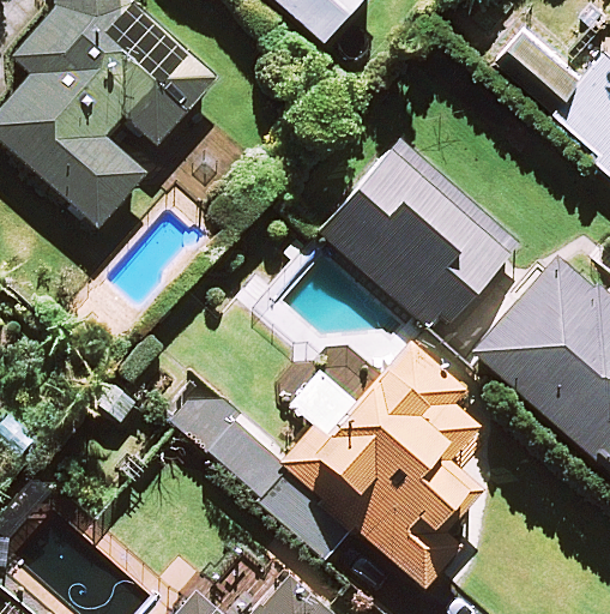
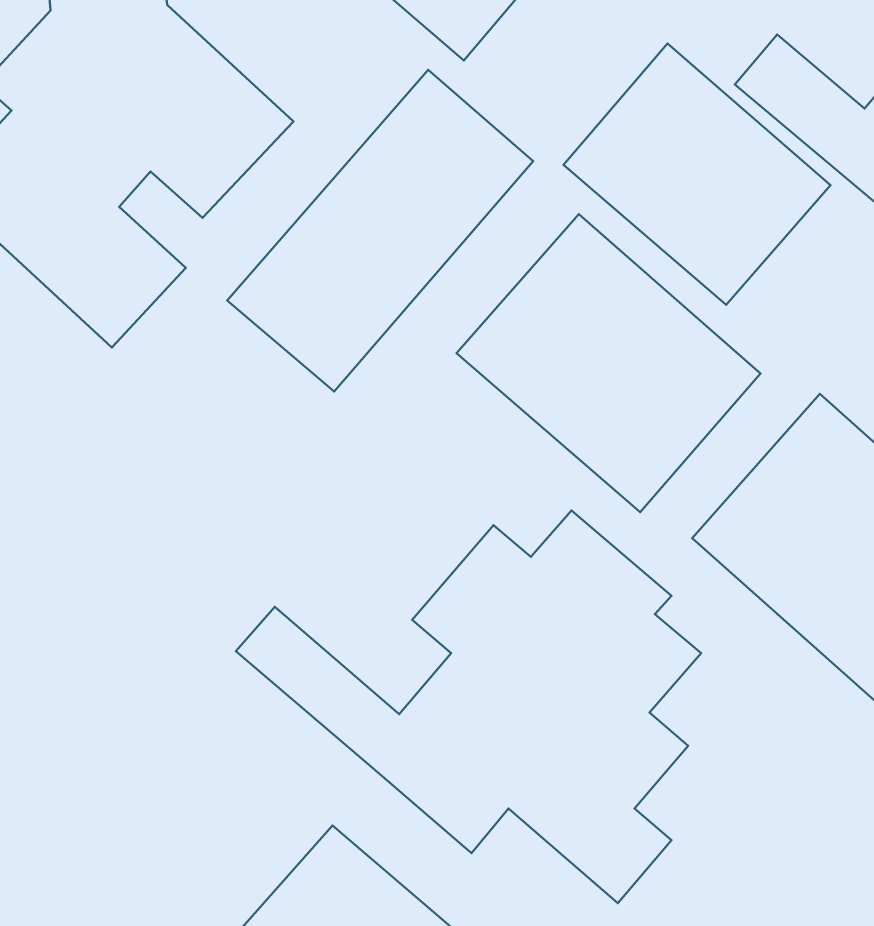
building: none -> [564,44,831,305]
building: none -> [227,70,533,392]

